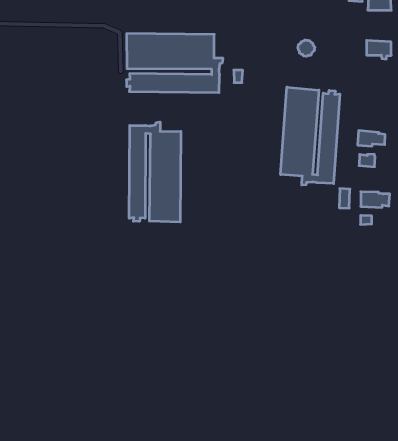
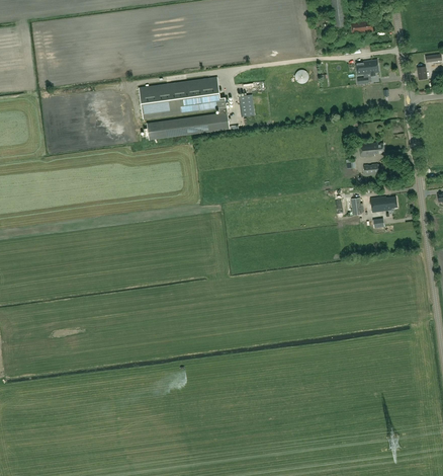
building: [281,87,340,185] -> none
building: [129,122,181,222] -> none

